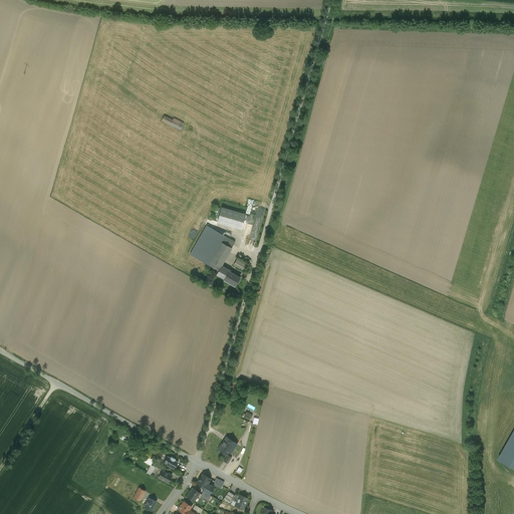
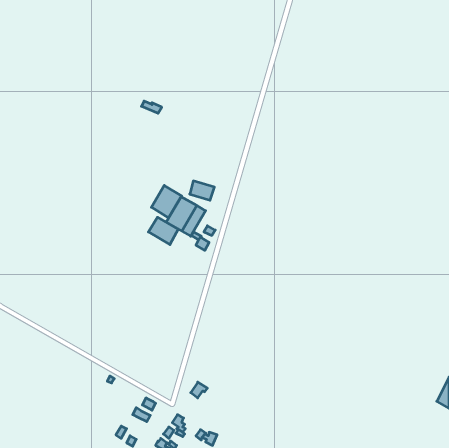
building: none -> [151,185,182,218]
building: none -> [148,217,178,245]

